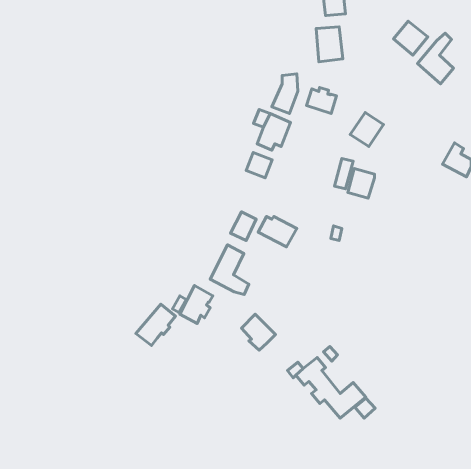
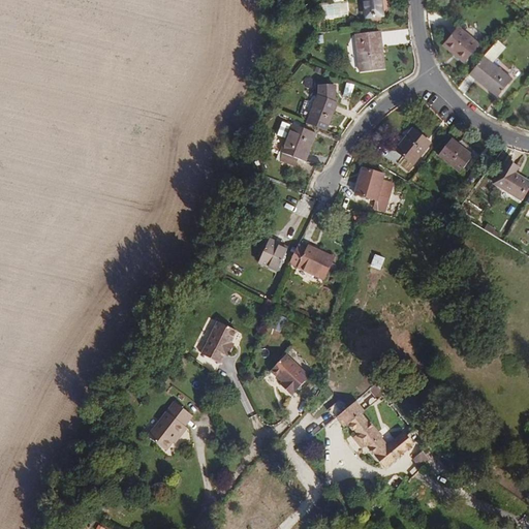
building: [307,88,337,114] -> none
building: none -> [437,137,472,170]
building: [246,152,272,178] -> none
building: [348,169,374,198] -> [353,167,383,200]
building: [210,245,249,295] -> none
building: [136,304,175,346] -> [149,403,193,449]

